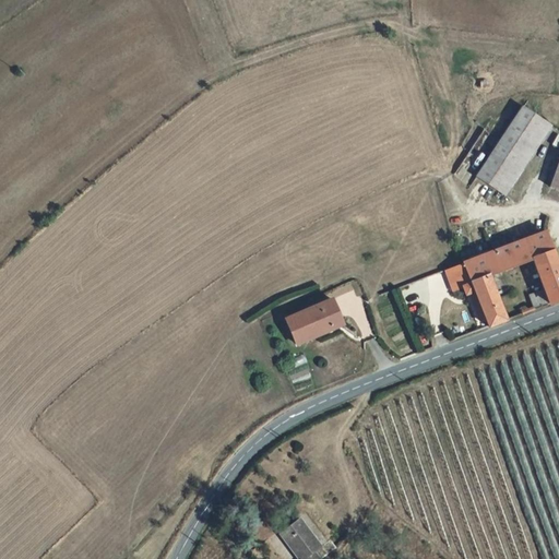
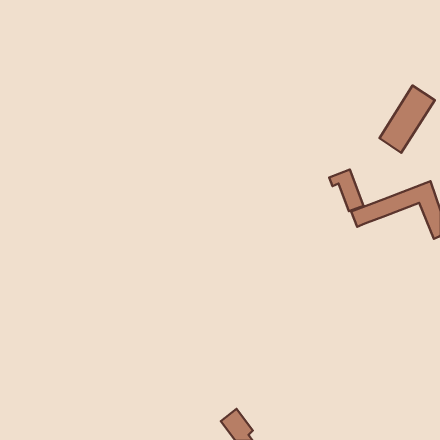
building: [463,274,507,326] -> [329,170,364,211]
building: [285,295,340,337] -> none

